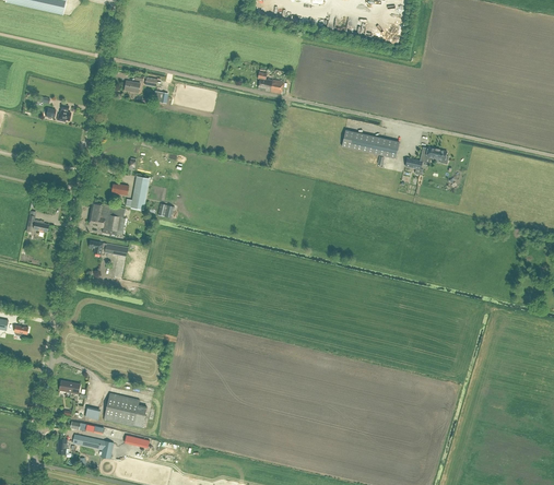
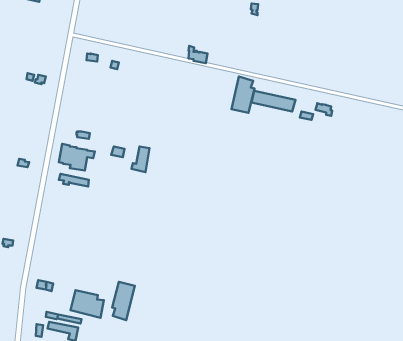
building: none -> [231,76,254,113]
building: [125,176,149,210] -> [131,146,150,172]
building: none -> [112,282,135,320]

